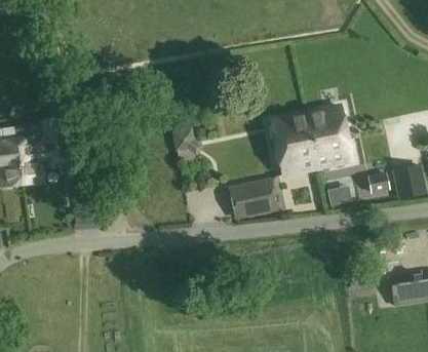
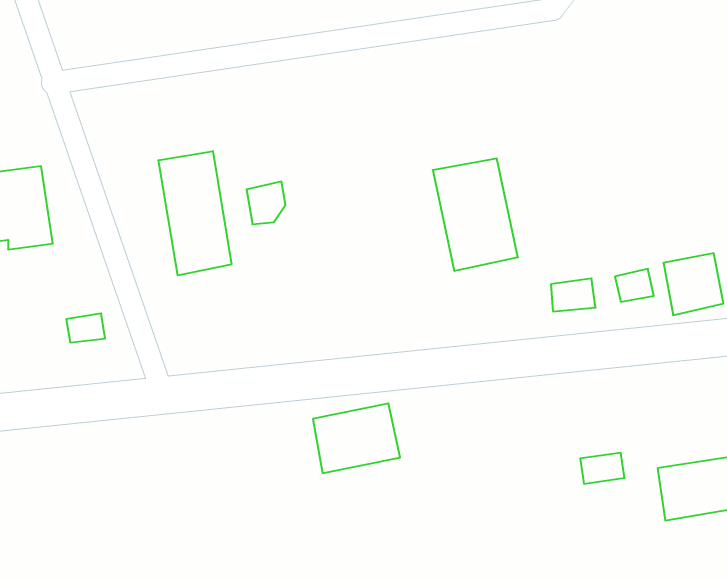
building: [305,106,351,166] -> none
building: none -> [159,151,231,275]
building: [230,179,276,216] -> [313,403,400,473]

